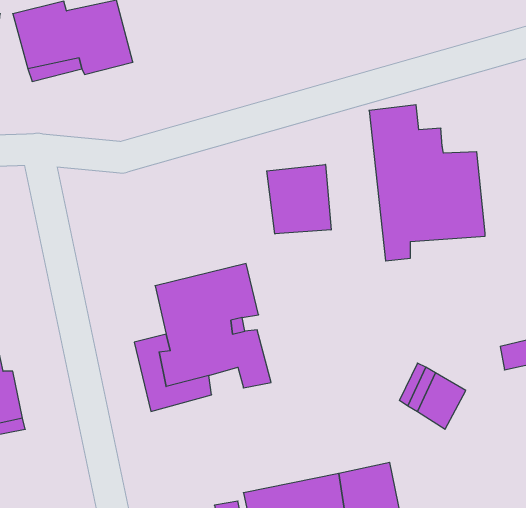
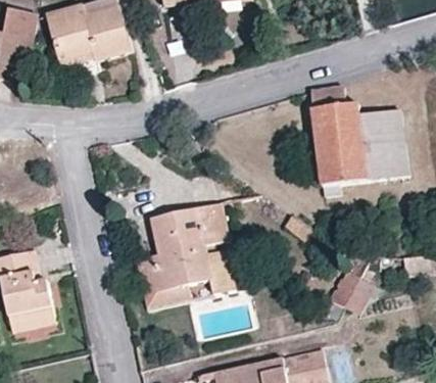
building: none -> [362,110,410,178]
building: [267,164,331,234] -> none

